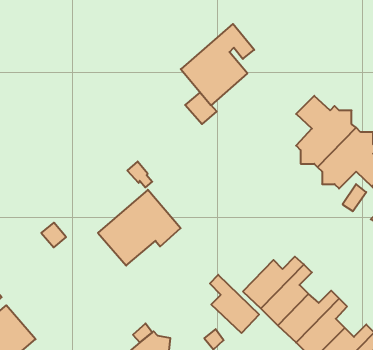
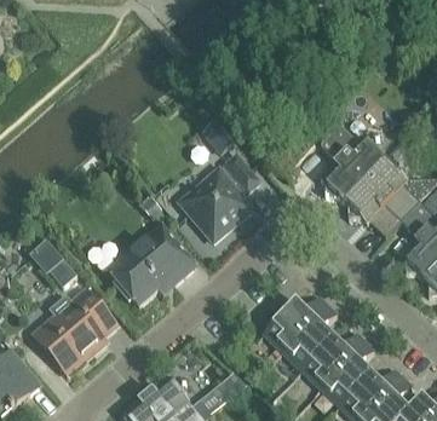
building: [181,24,254,105] -> [180,154,259,241]
building: none -> [33,288,116,375]
building: [210,275,259,333] -> none

